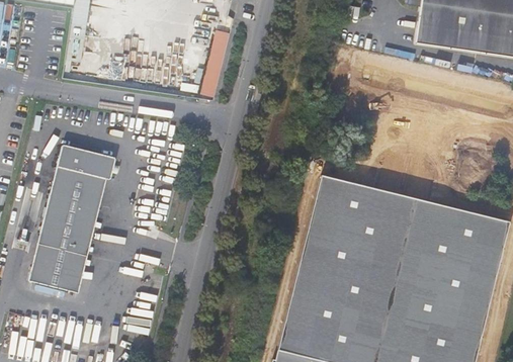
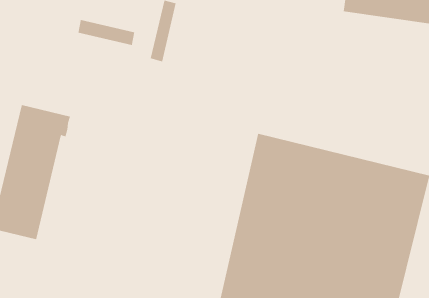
building: none -> [78,19,135,46]

